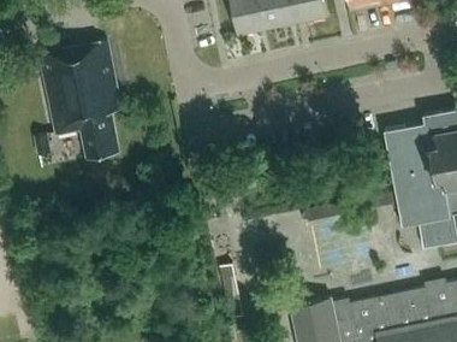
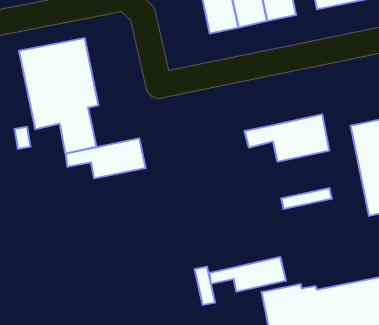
building: none -> [245,114,329,162]
building: none -> [66,138,146,178]
building: none -> [210,257,286,292]

